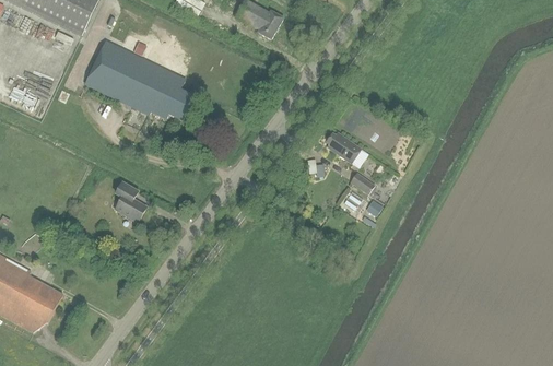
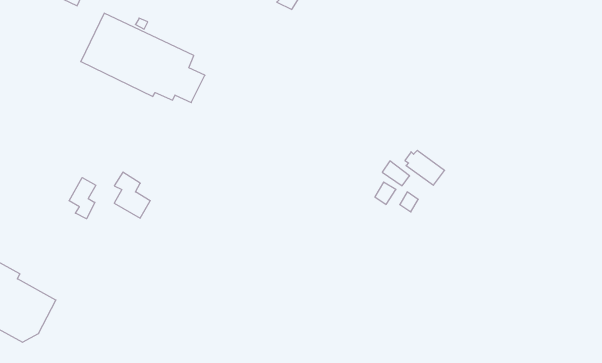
building: [326,131,361,162] -> [405,150,445,185]
building: none -> [69,178,96,219]

